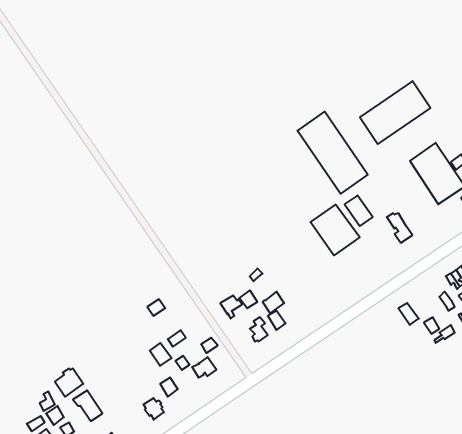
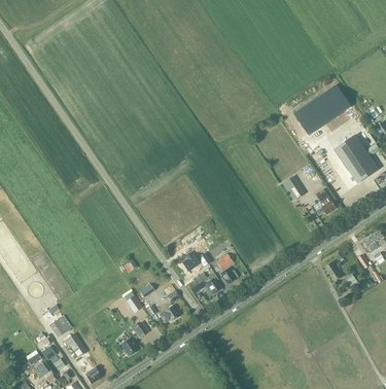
building: [297,112,368,194] -> none
building: [310,205,360,255] -> none

